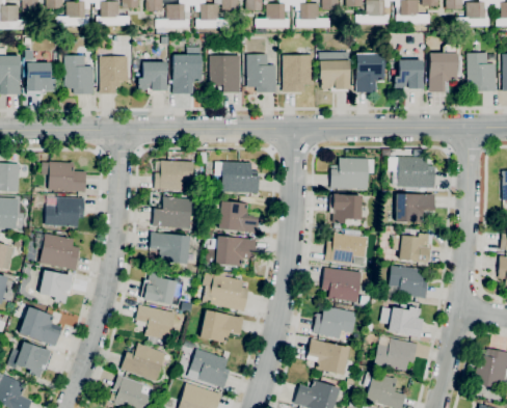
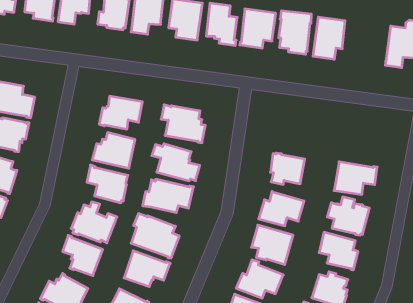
building: [395,59,424,90] -> none
building: [331,157,375,189] -> none
building: [389,157,435,187] -> none

